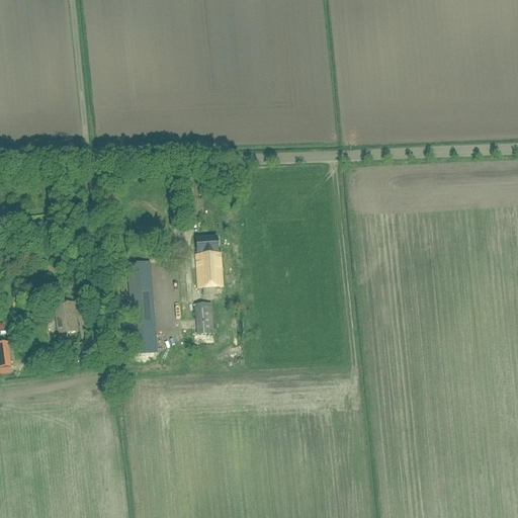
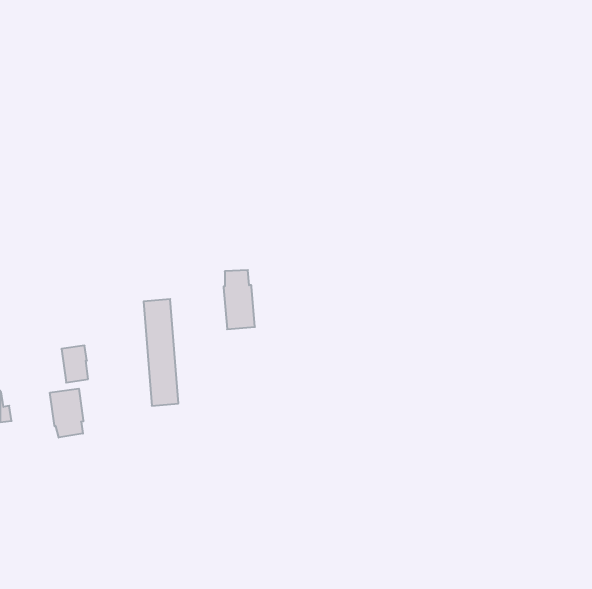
building: [193,301,212,334] -> none
building: none -> [50,389,83,438]

